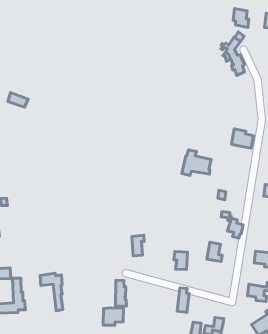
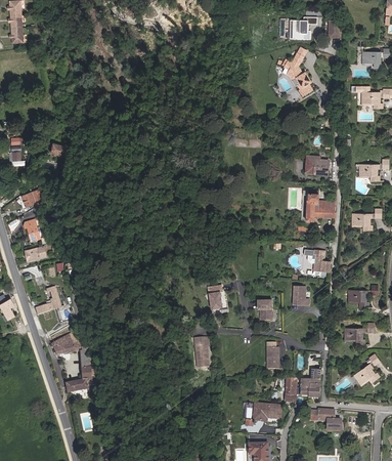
building: [182,150,211,175] -> [304,194,335,222]
building: [40,273,63,311] -> none
building: [103,308,123,325] -> none

